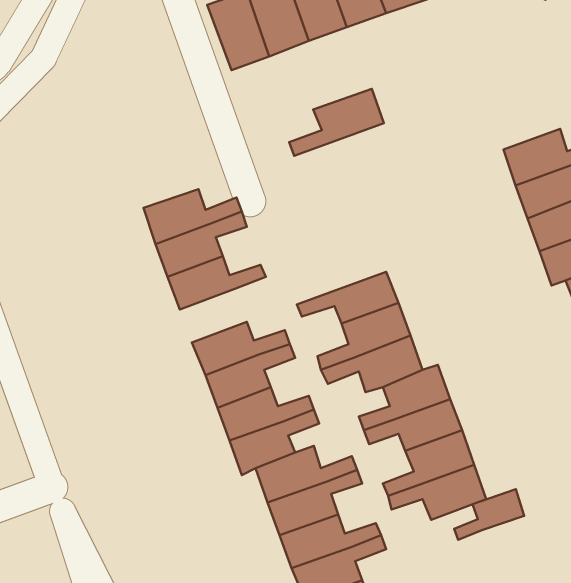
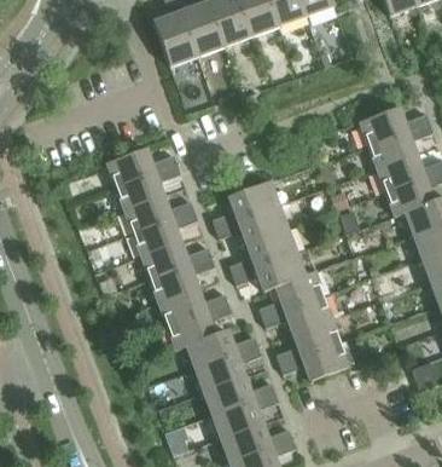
building: [289,89,384,156] -> [211,183,278,230]
building: none -> [133,211,197,256]
building: [454,489,524,540] -> none

